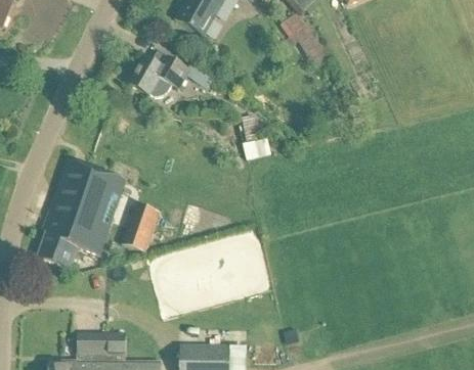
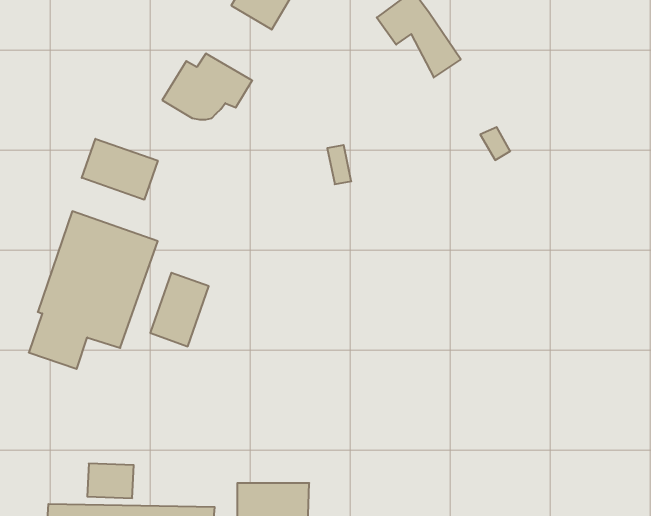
building: none -> [82,139,158,200]

